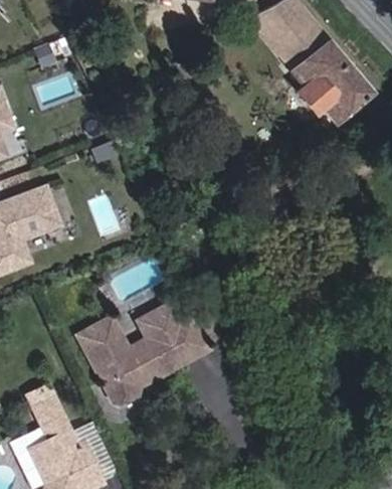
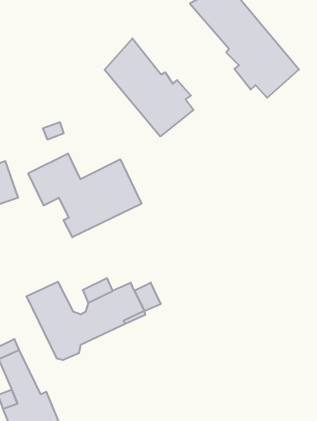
building: none -> [105,38,193,136]
building: none -> [28,153,141,237]

